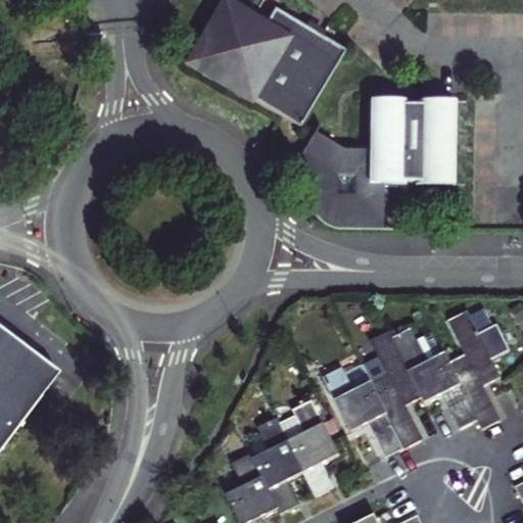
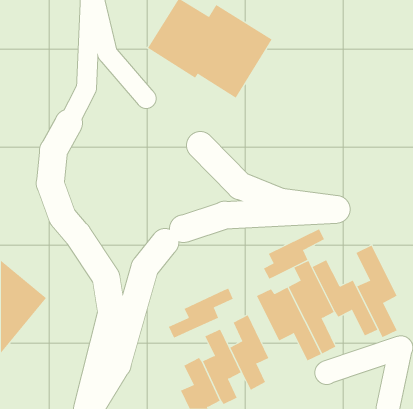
building: [289,93,456,223] -> none
building: none -> [263,228,325,280]
building: none -> [168,288,233,339]

